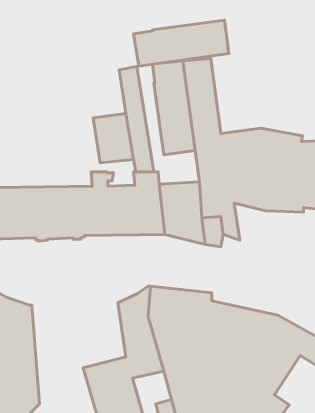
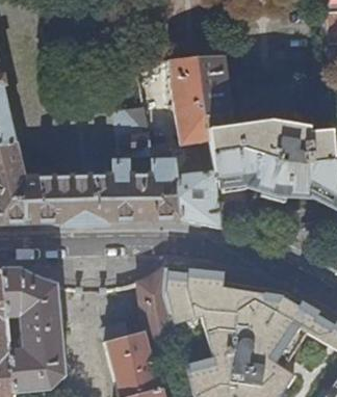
building: [134,20,229,66] -> none

